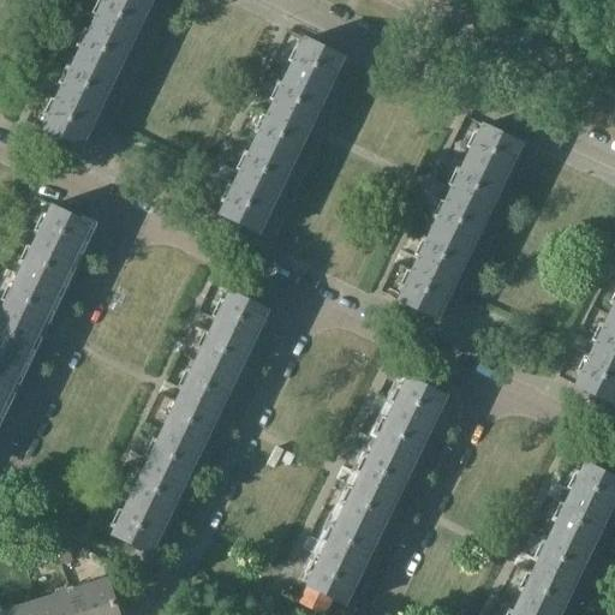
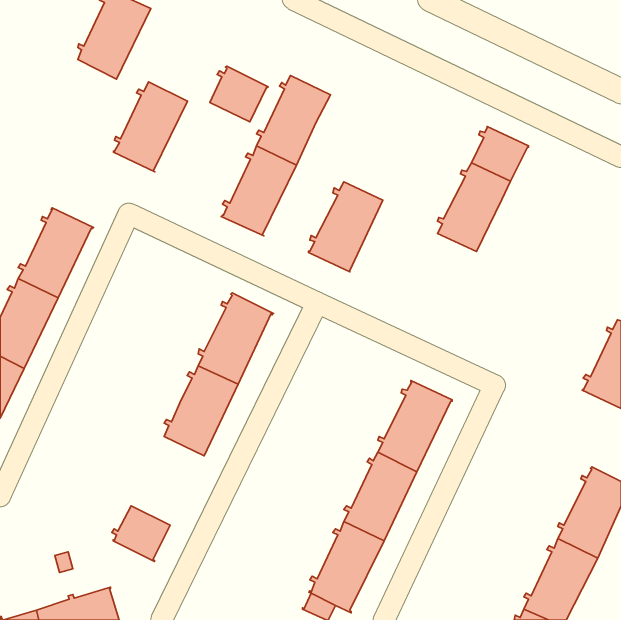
building: [287,38,345,94] -> [210,66,268,122]
building: [42,59,115,148] -> [113,82,187,172]
building: [398,231,471,320] -> [309,182,383,272]
building: [130,431,202,519] -> none

